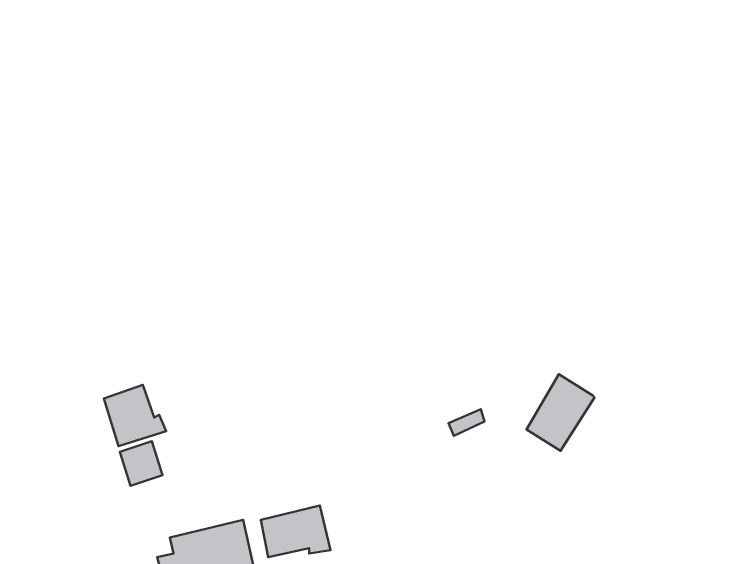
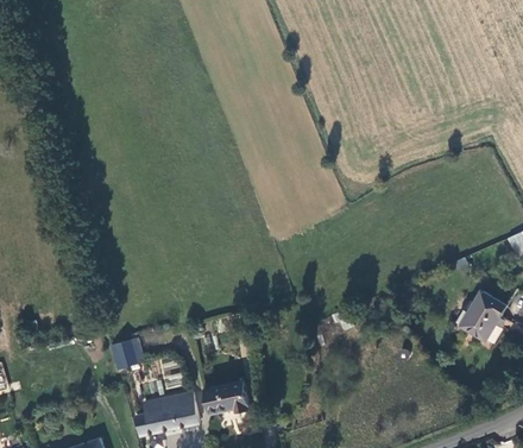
building: [527,374,595,451] -> [462,289,508,340]
building: [104,385,166,446] -> none

